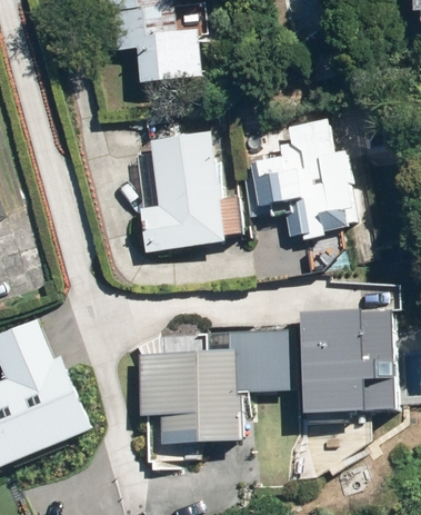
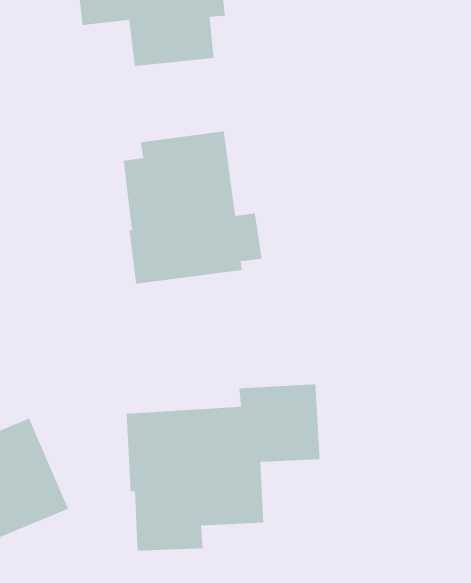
building: [237,117,363,237] -> none
building: [300,309,393,408] -> none

